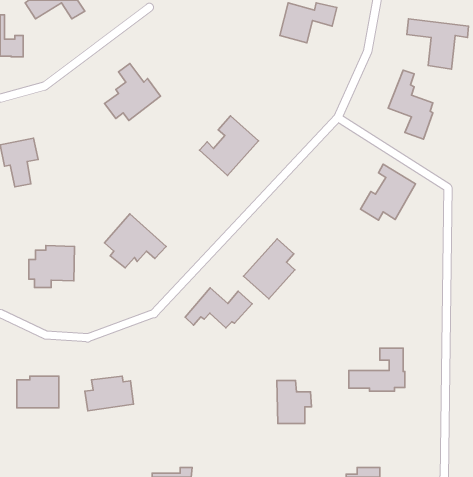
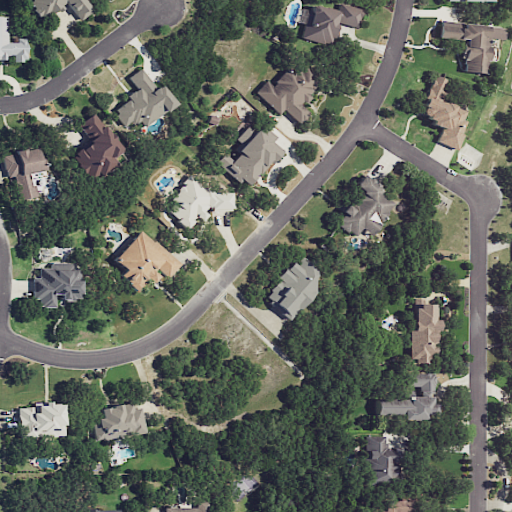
building: none -> [258,60,320,124]
building: none -> [74,112,128,181]
building: [361,164,416,220] -> [338,177,397,237]
building: none -> [176,177,234,227]
building: none -> [413,298,439,363]
building: [185,288,252,328] -> none
building: [277,381,311,424] -> [367,436,404,482]

